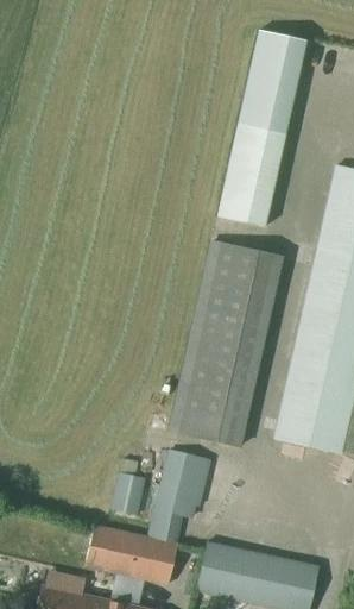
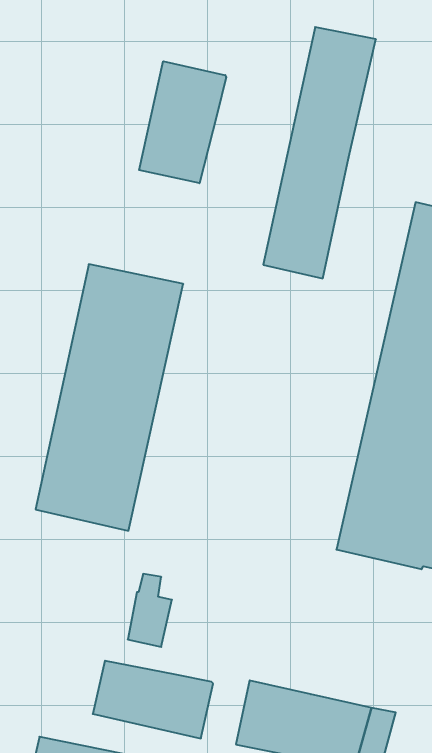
building: none -> [139,61,226,183]
building: [169,239,284,447] -> [36,264,183,531]
building: [148,447,211,541] -> none

